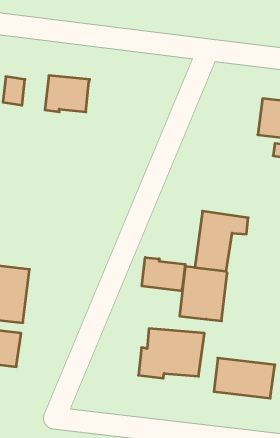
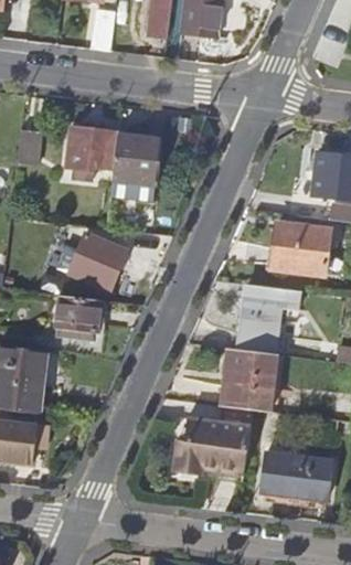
building: none -> [111,135,159,183]
building: none -> [273,225,329,273]
building: none -> [68,234,128,292]
building: none -> [55,295,102,333]
building: [142,257,185,291] -> none

